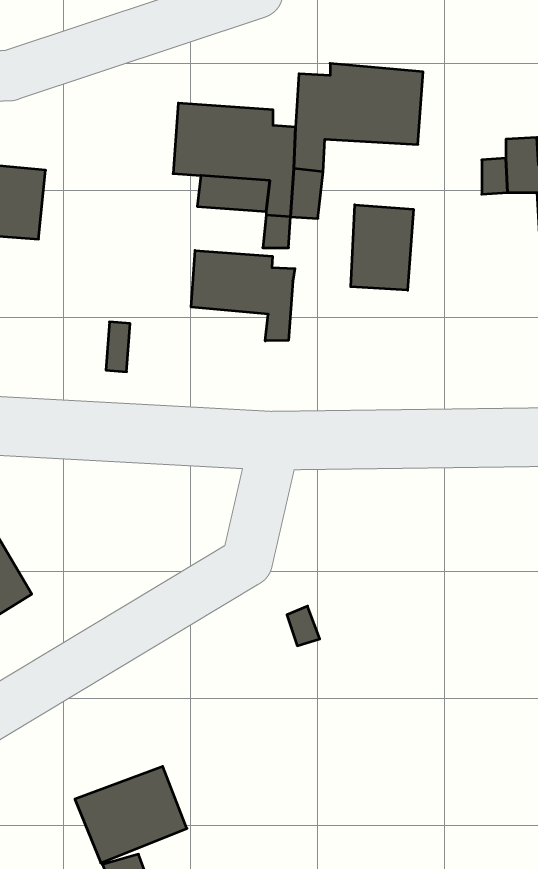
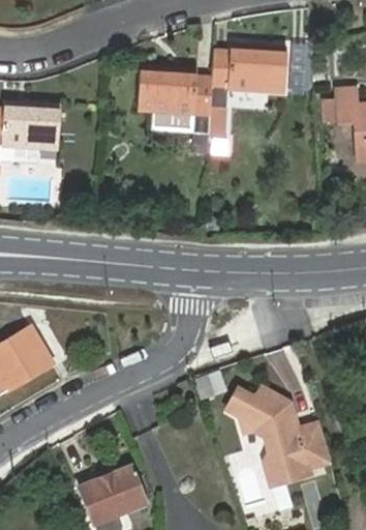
building: [351,205,413,290] -> none
building: [191,250,295,341] -> none
building: none -> [227,387,331,484]

